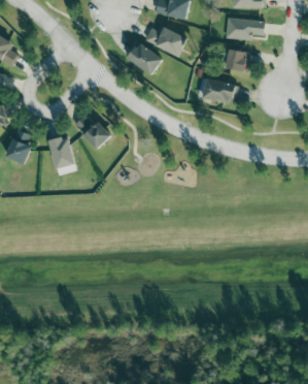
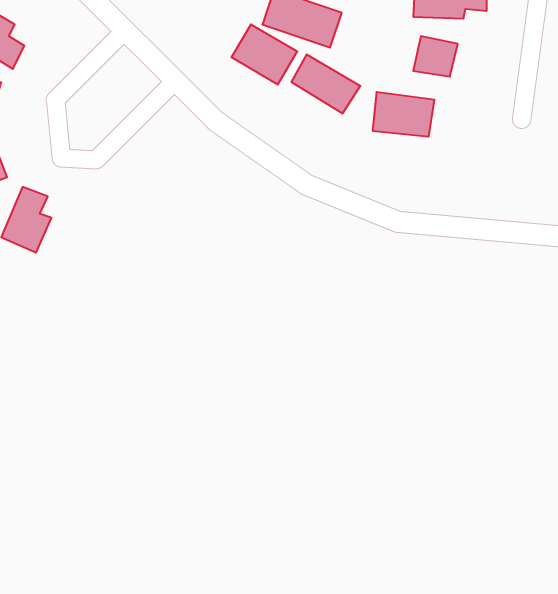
building: none -> [292,54,360,114]
building: [74,116,111,150] -> none
building: [49,136,75,175] -> none

